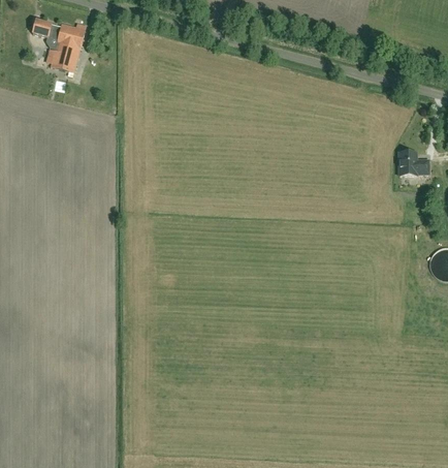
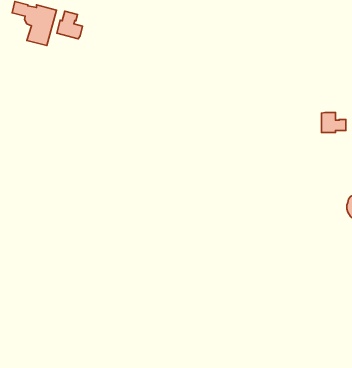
building: none -> [57,11,83,39]

